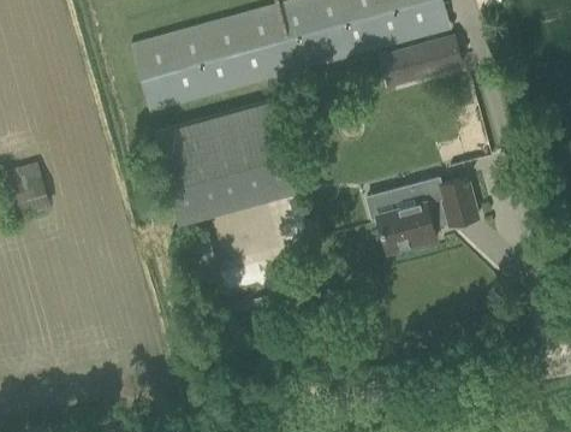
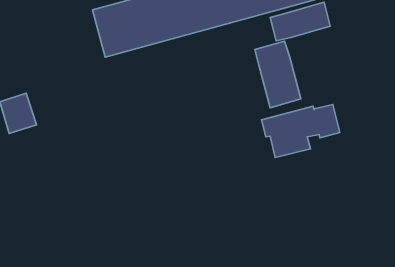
building: none -> [255,41,301,108]
building: [156,100,296,224] -> none

